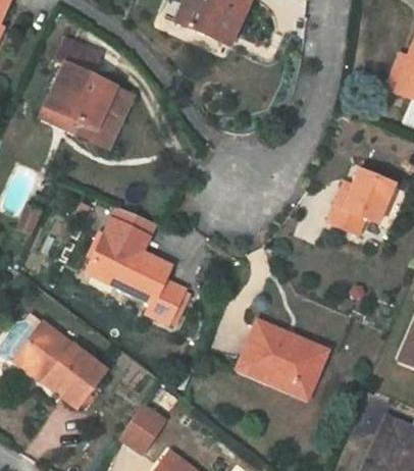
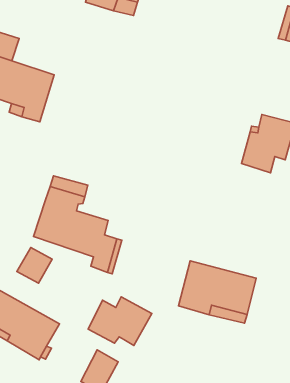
building: none -> [17,247,52,283]
building: none -> [88,297,152,346]

